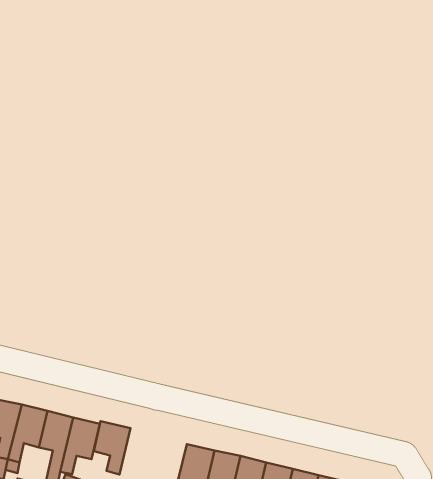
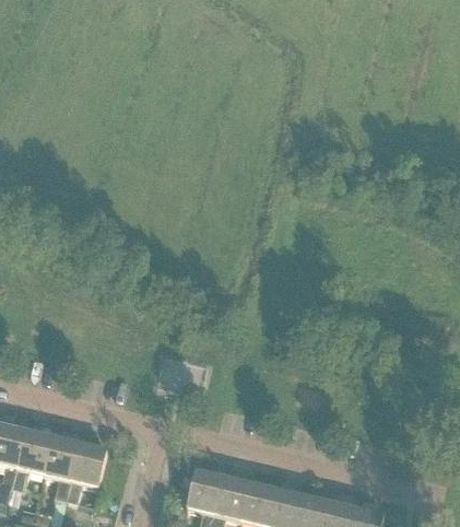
building: [94,421,130,474] -> none

